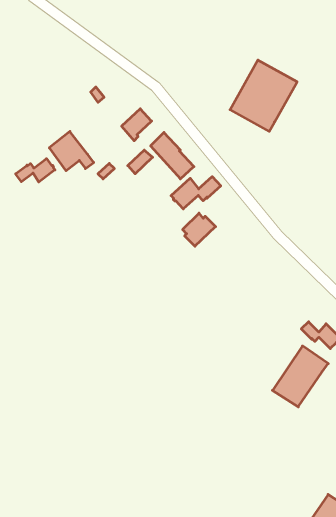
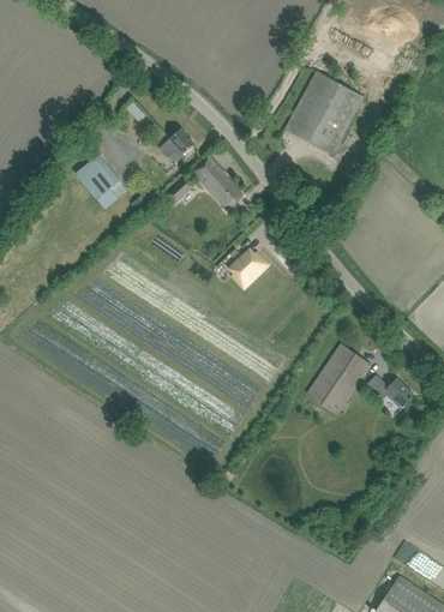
building: [16,159,55,182] -> none
building: [171,177,221,209] -> none
building: [272,346,328,407] -> [305,343,370,414]

